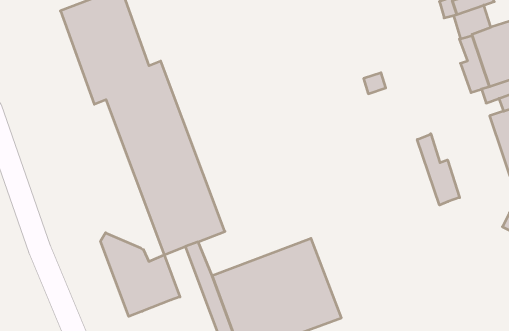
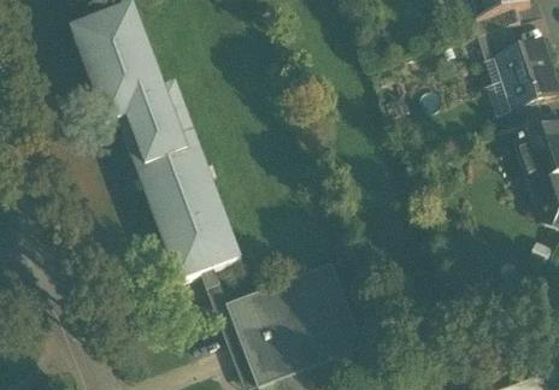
building: [417,134,460,205] -> none
building: [101,233,180,316] -> none

